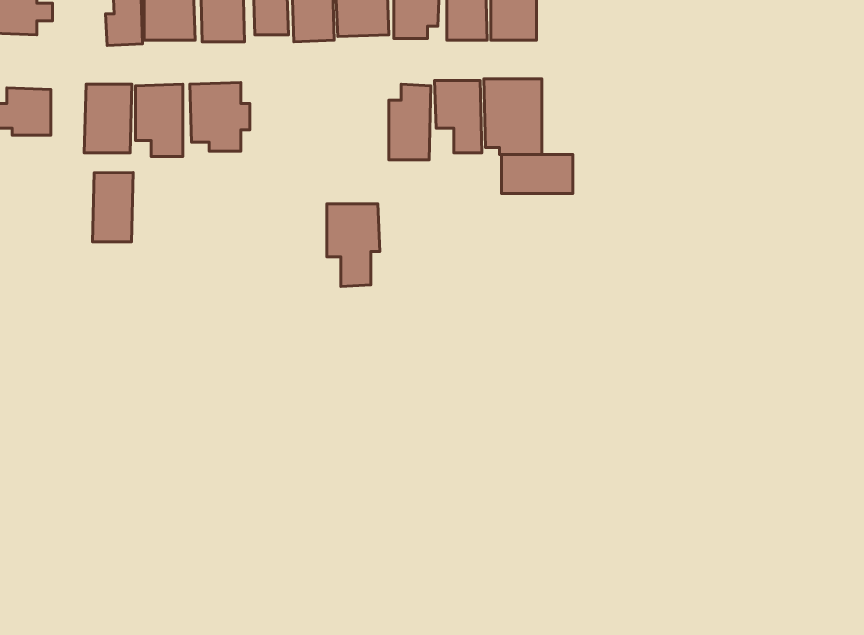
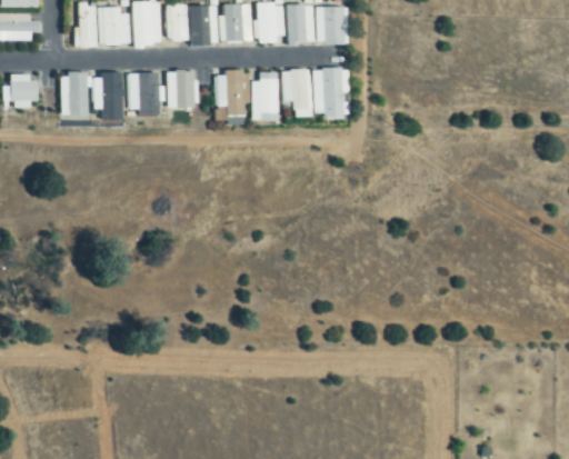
building: none -> [167,70,197,107]
building: [501,155,573,193] -> none
building: [93,172,133,242] -> none
building: [327,204,380,287] -> [218,72,251,124]

